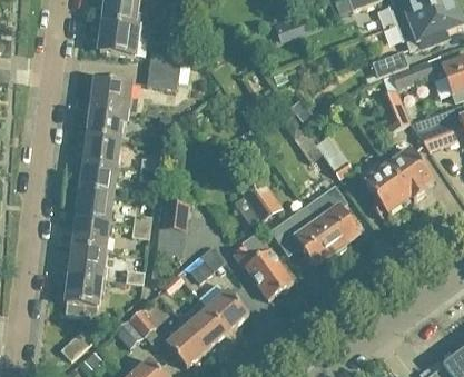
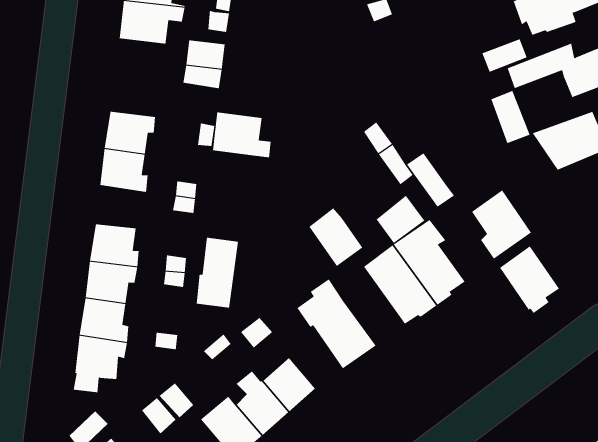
building: [92,77,137,111] -> [212,112,271,158]
building: [387,148,433,199] -> [499,246,560,314]
building: [81,161,120,194] -> none
building: none -> [376,195,425,244]

